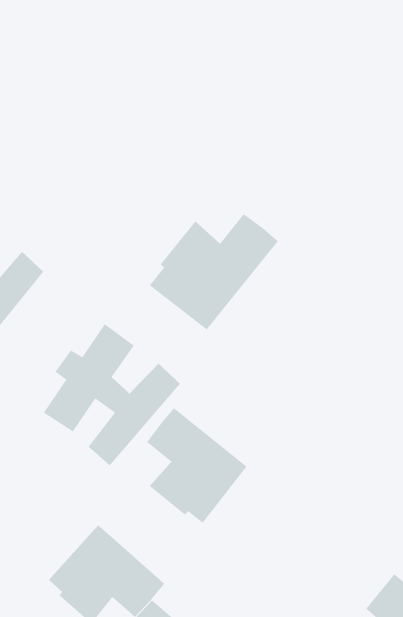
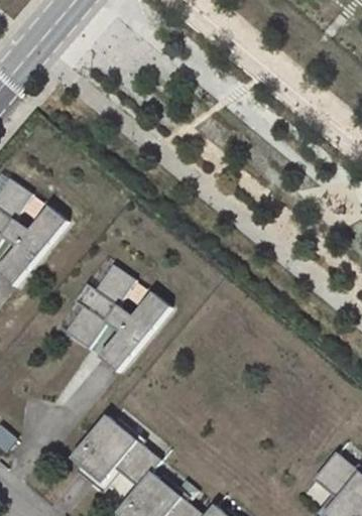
building: [149,213,279,330] -> none
building: [146,407,248,524] -> none

